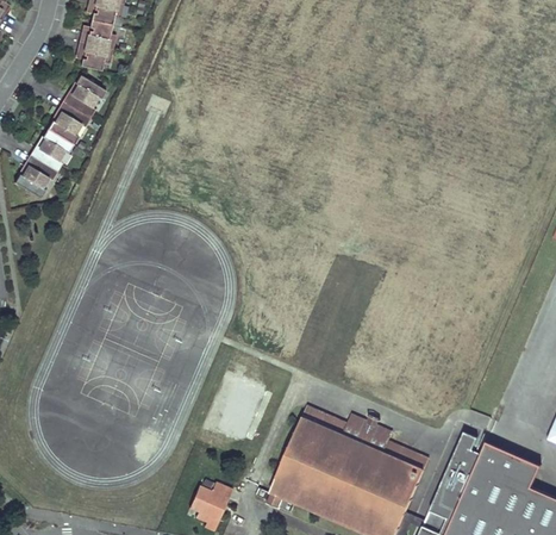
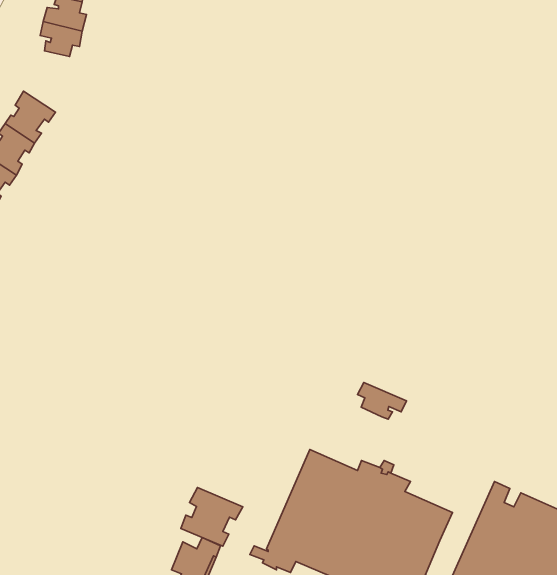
building: [63,76,106,119] -> none
building: none -> [358,382,407,419]
building: none -> [181,487,243,546]

